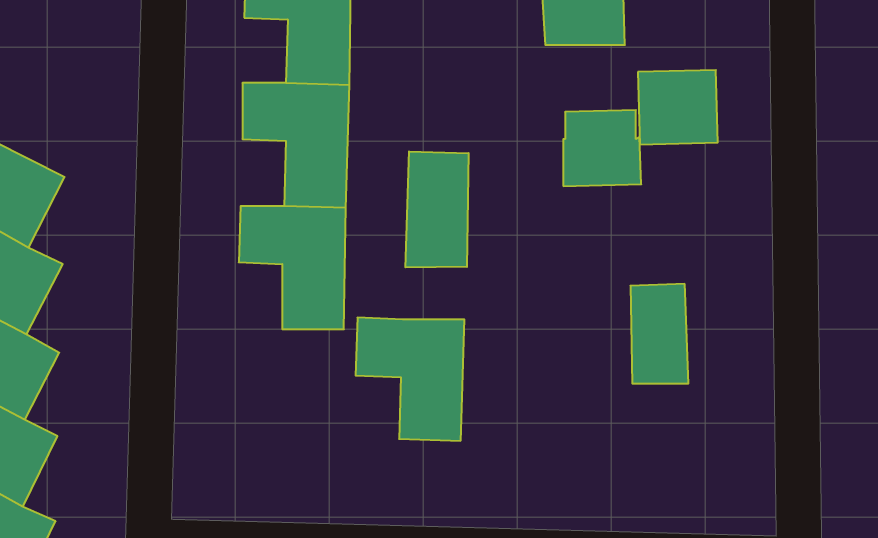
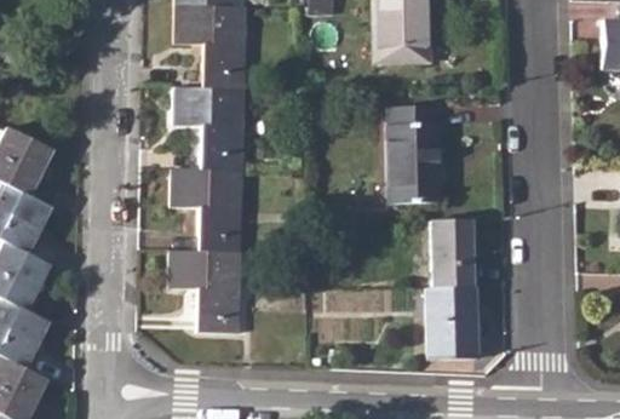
building: [638,70,718,144] -> [388,154,441,203]
building: [405,151,469,267] -> none
building: [356,318,464,441] -> [168,249,241,332]
building: none -> [426,287,477,360]

